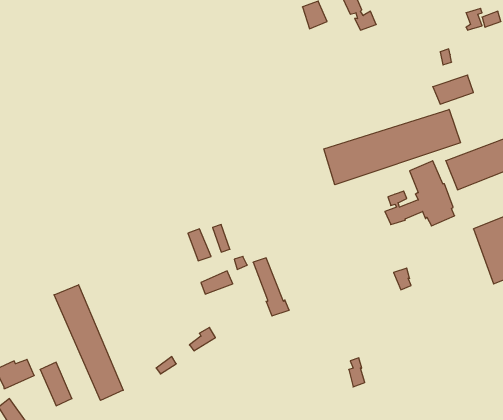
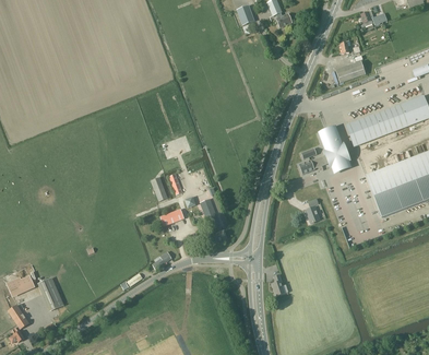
building: [324,109,460,185] -> none
building: [54,285,123,400] -> none

